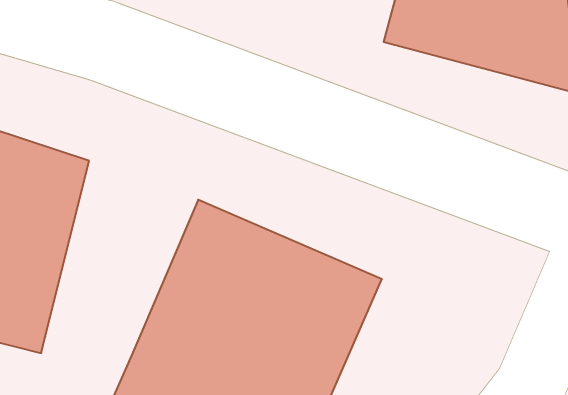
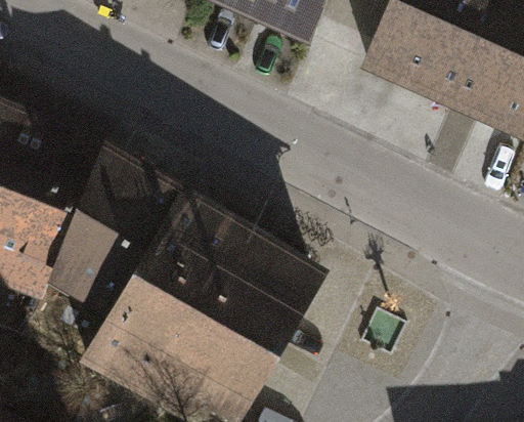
building: none -> [44,145,186,312]

